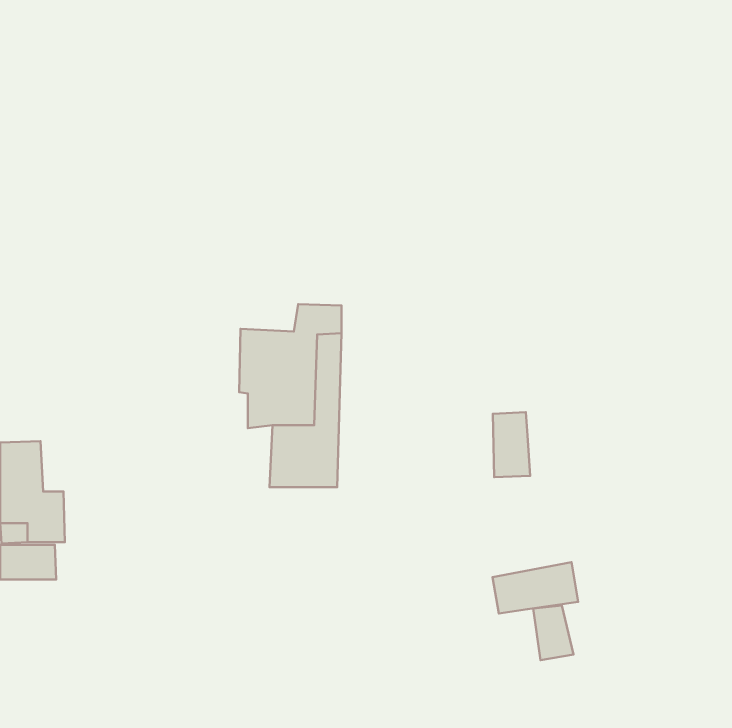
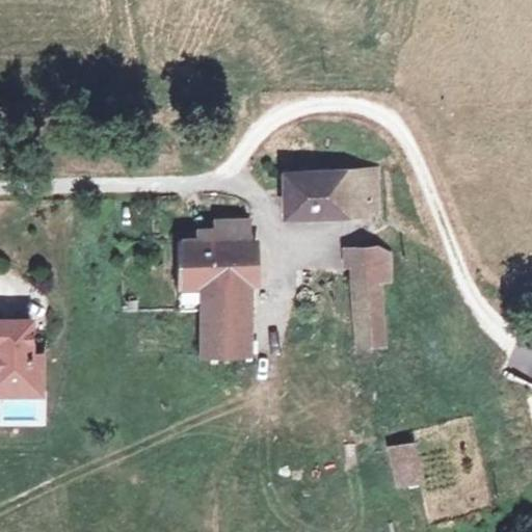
building: none -> [286,174,378,215]
building: none -> [350,247,396,298]
building: [493,562,578,614] -> none

